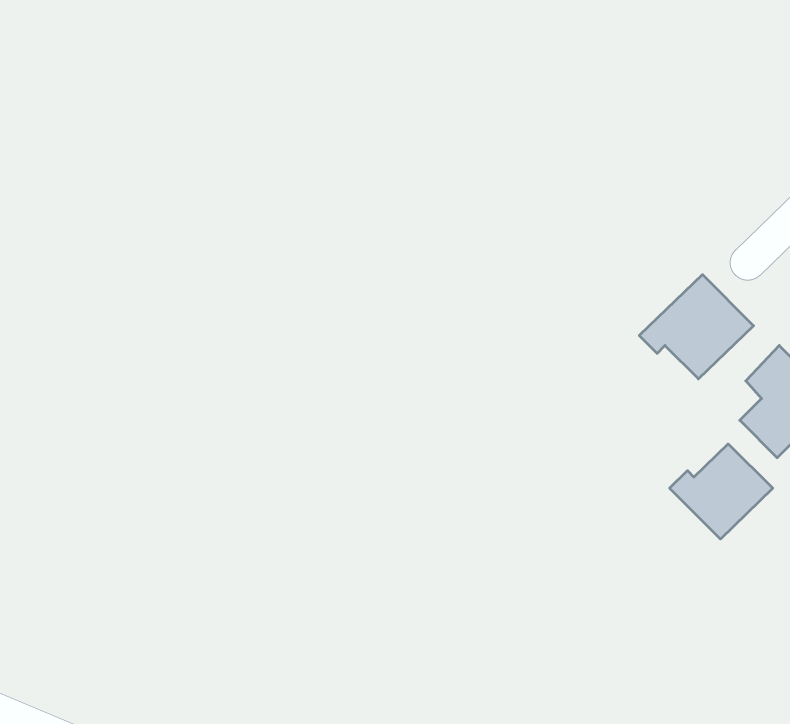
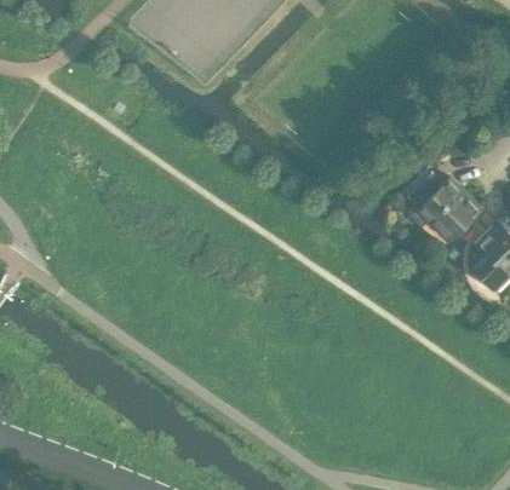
building: [670,444,773,539] -> none

